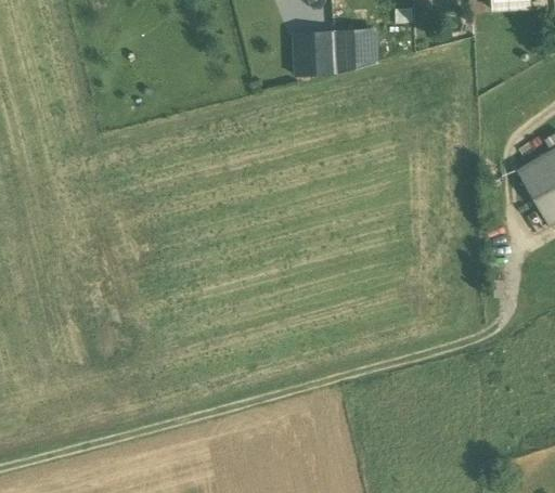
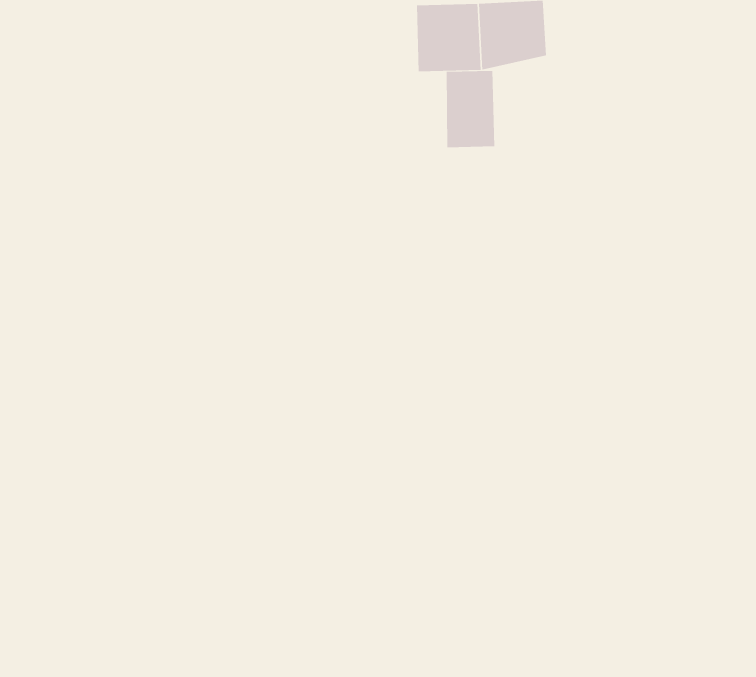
building: none -> [446,70,495,148]

